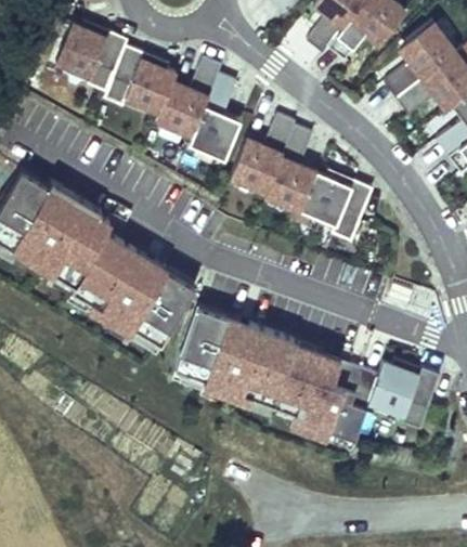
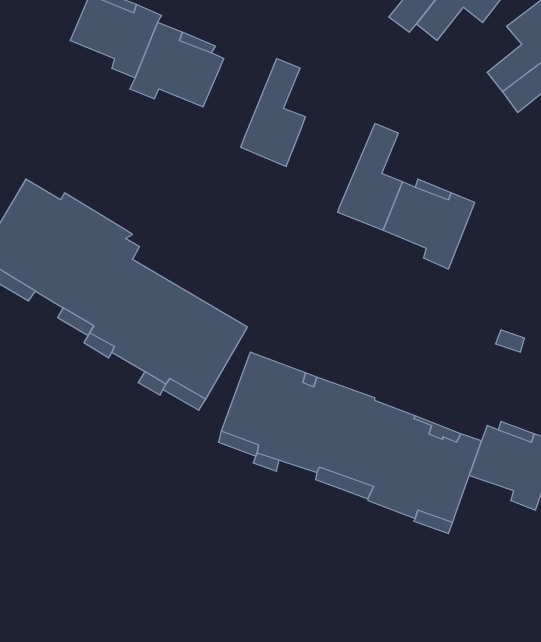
building: [157,60,221,136] -> none
building: [231,116,296,193] -> none

